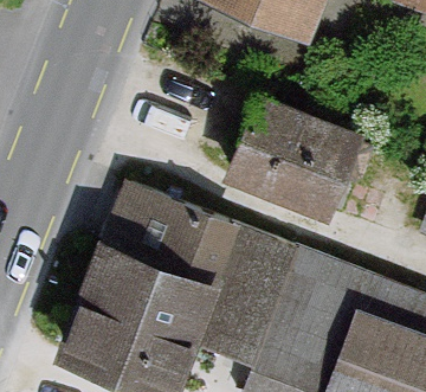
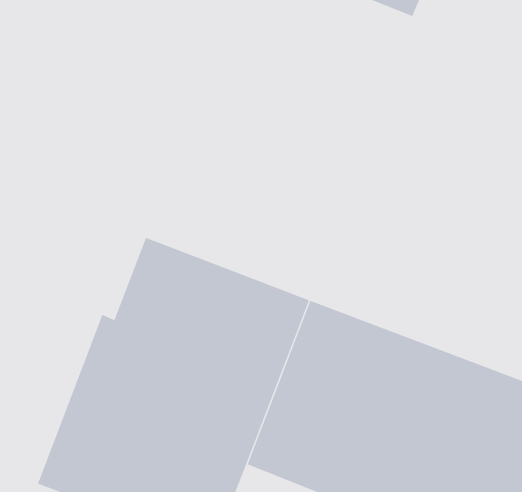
building: [231,102,362,223] -> none

